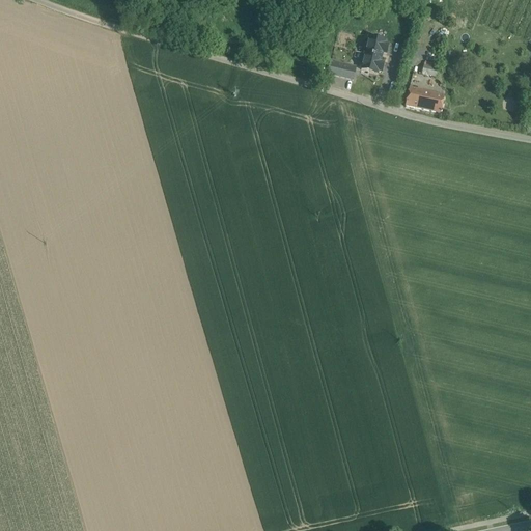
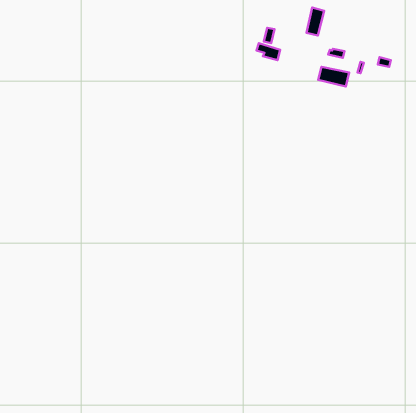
building: [362,34,385,69] -> [306,8,324,35]

